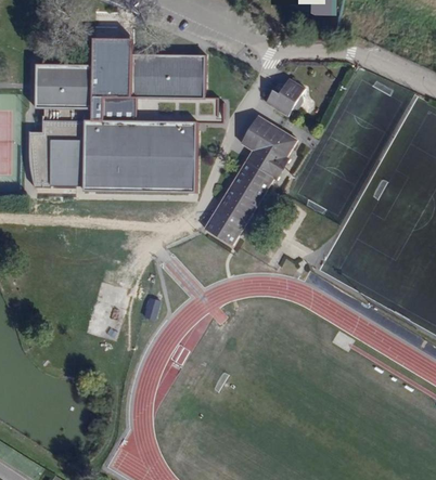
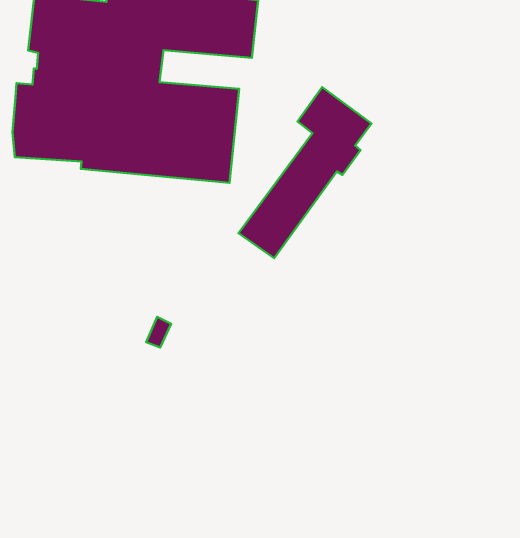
building: [266,77,304,115] -> none

